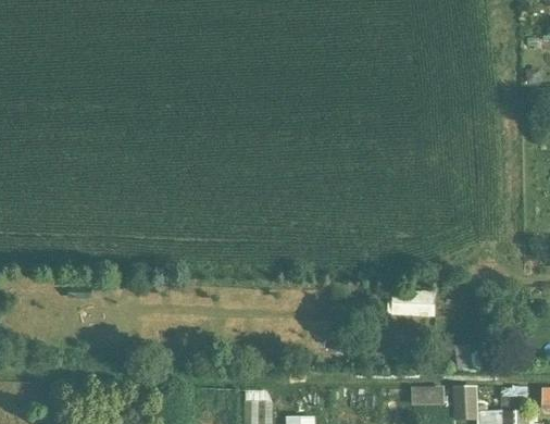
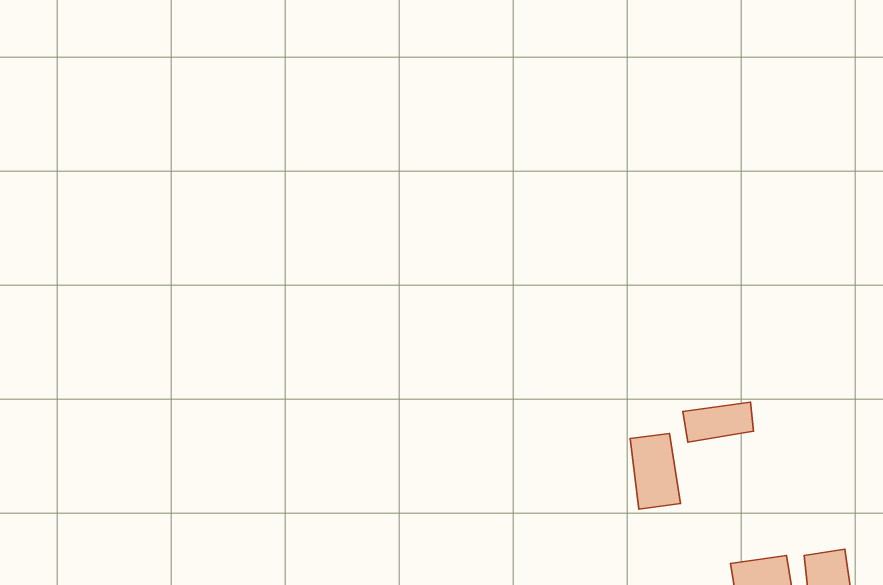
building: none -> [630,433,681,509]

